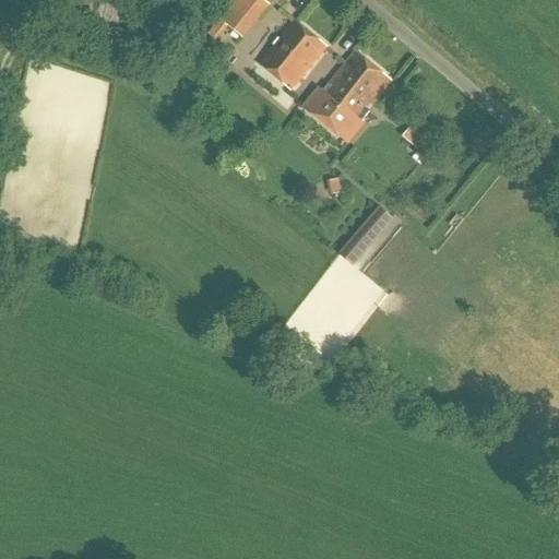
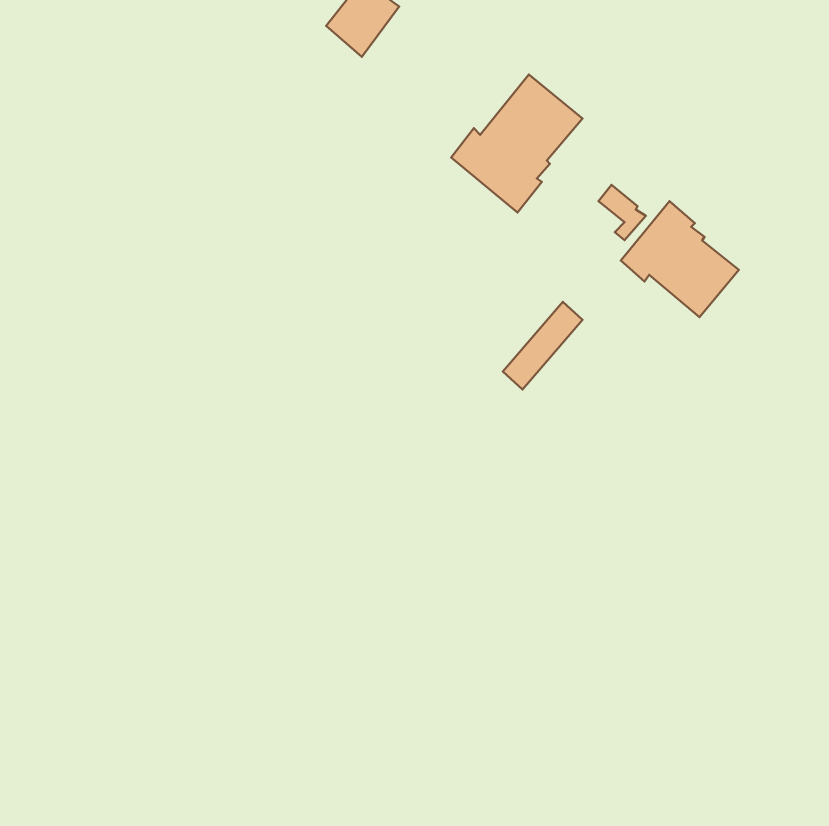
building: [260,20,326,88] -> none
building: none -> [621,201,739,317]

